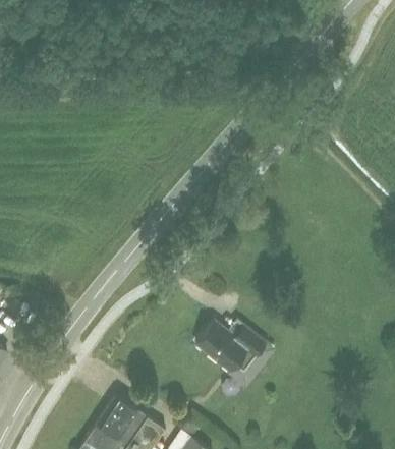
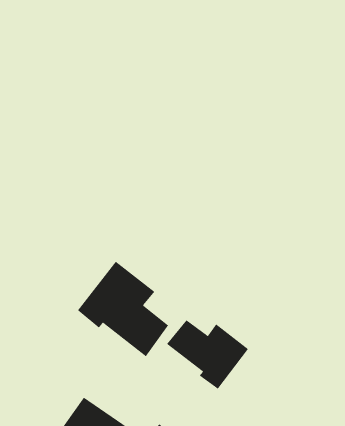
building: none -> [77,261,169,357]

